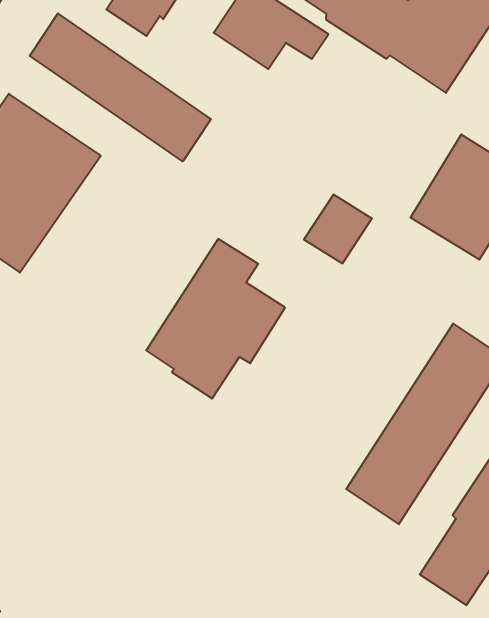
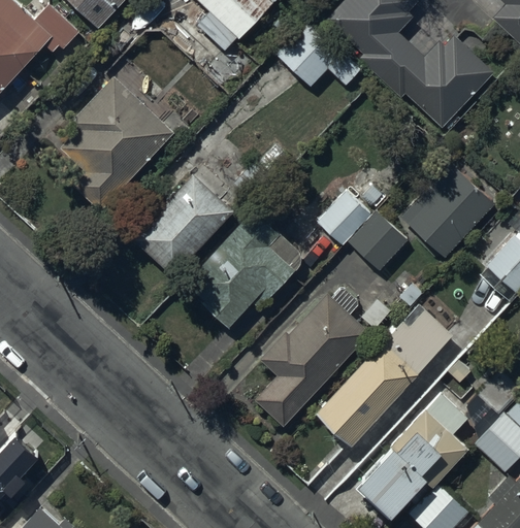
building: [30,13,211,161] -> none
building: none -> [137,175,234,275]
building: none -> [349,211,409,271]
building: none -> [257,293,369,423]

